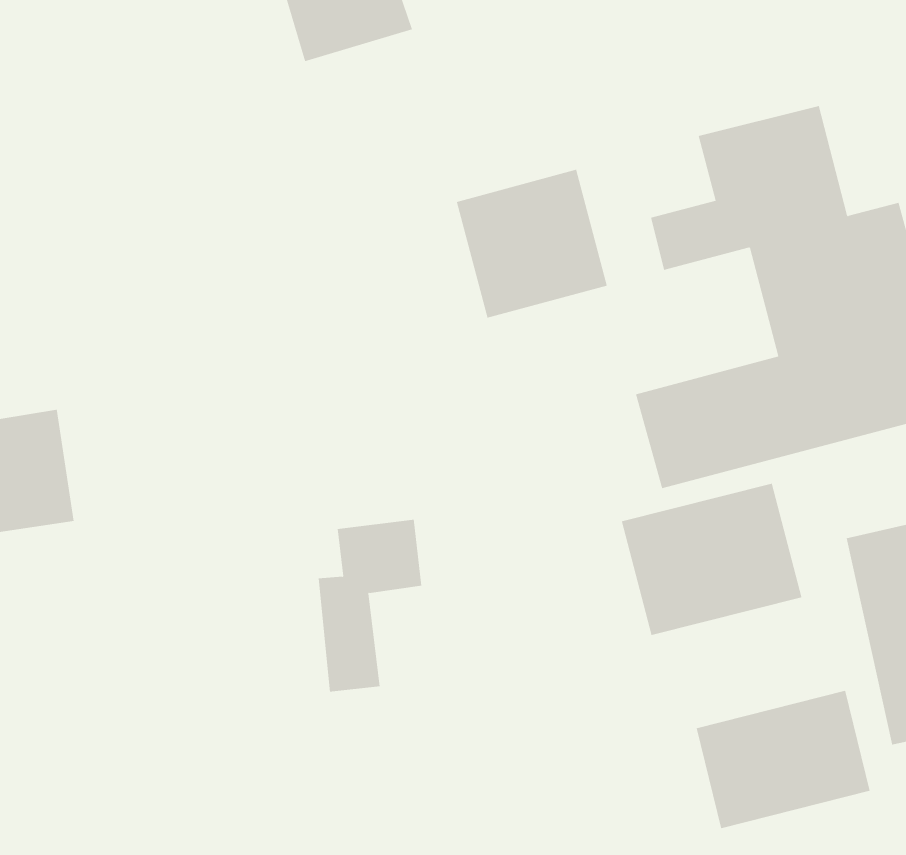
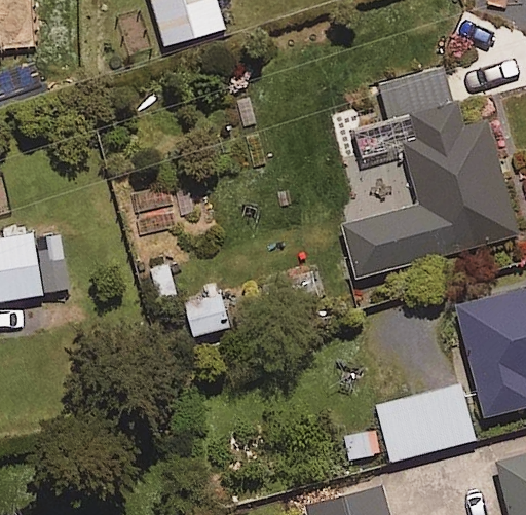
building: [456,169,608,319] -> none
building: [621,483,802,636] -> none

